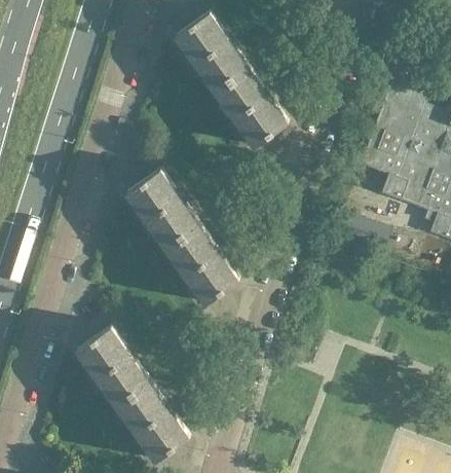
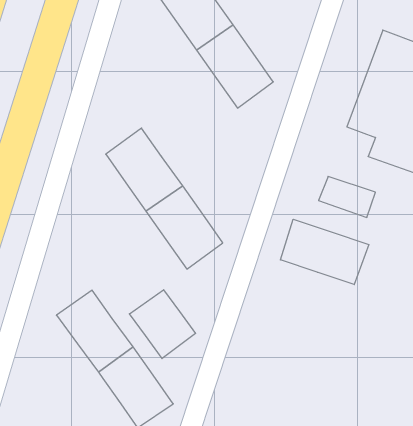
building: none -> [280,219,369,285]
building: none -> [129,290,196,359]

